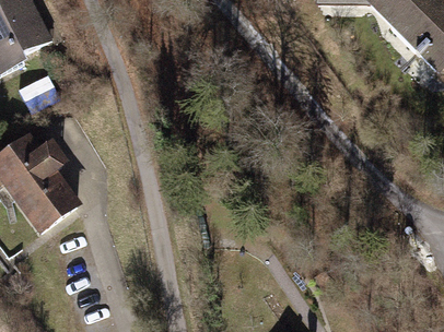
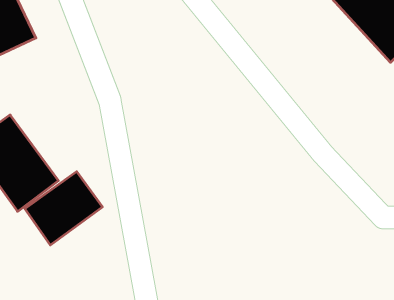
building: none -> [25,172,102,245]

